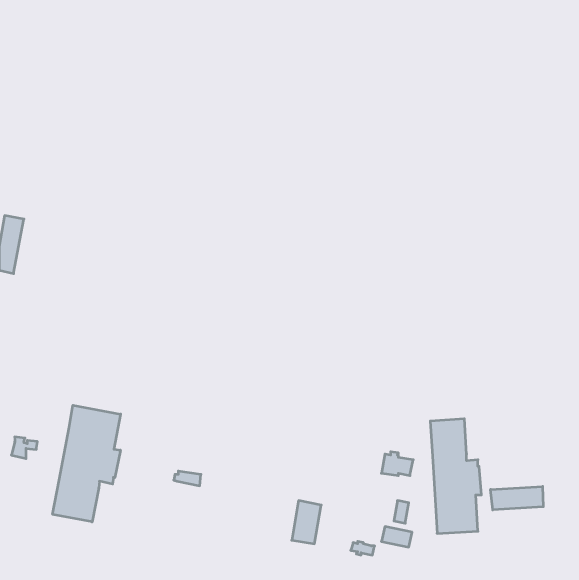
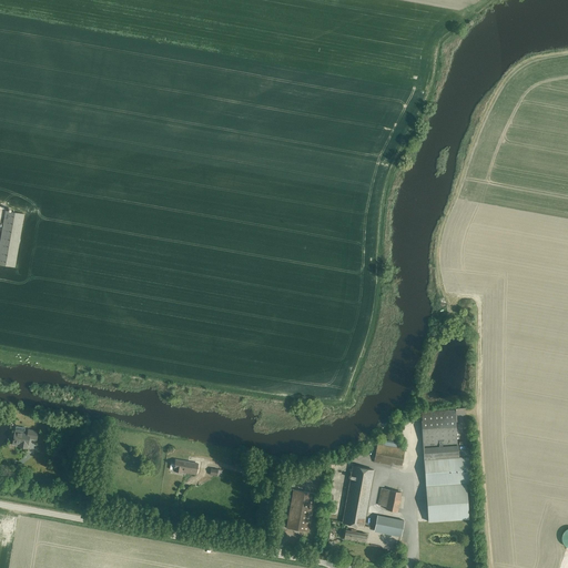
building: [53,405,121,522] -> none
building: none -> [342,466,373,526]
building: [491,486,543,510] -> none

